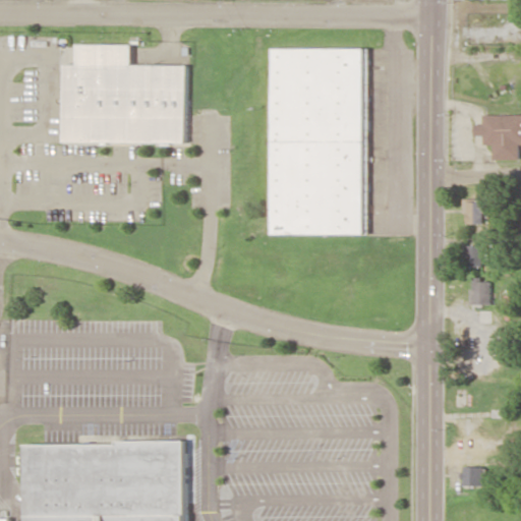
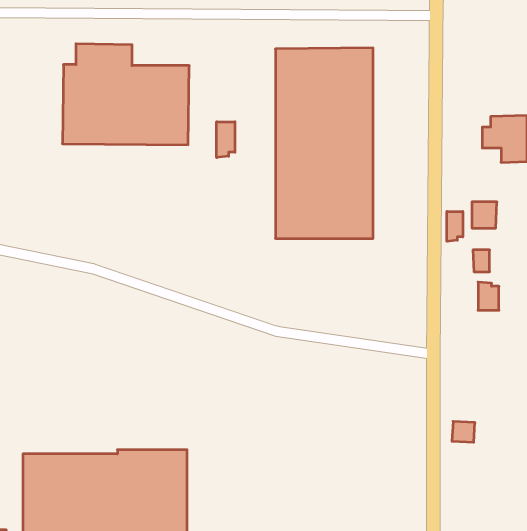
building: none -> [217,122,235,158]
building: none -> [447,211,463,241]
building: [460,466,482,486] -> [452,421,475,442]

